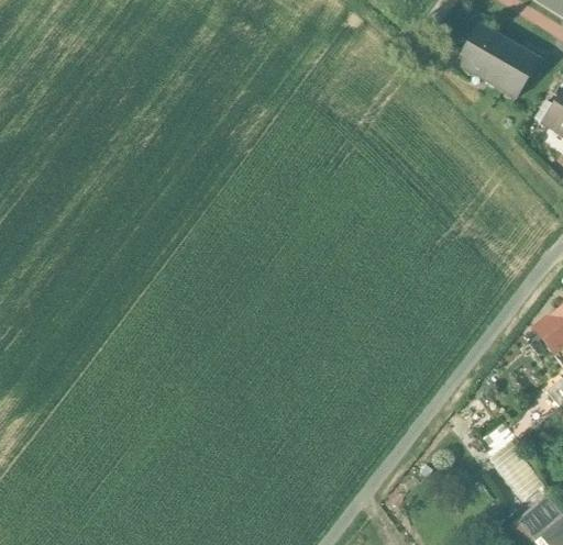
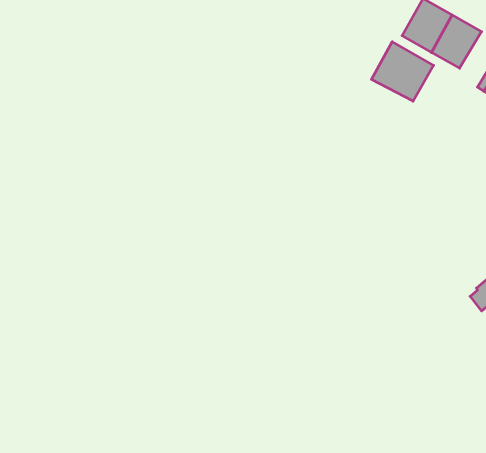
building: none -> [371,42,434,101]

